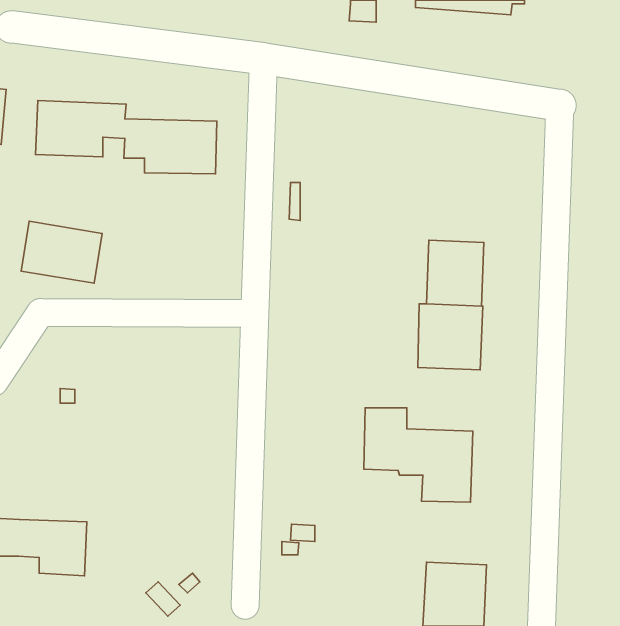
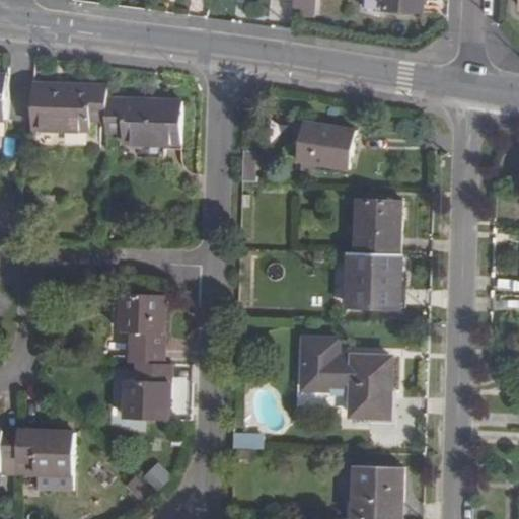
building: none -> [295,119,354,170]
building: [21,221,102,283] -> none
building: none -> [119,294,169,419]

